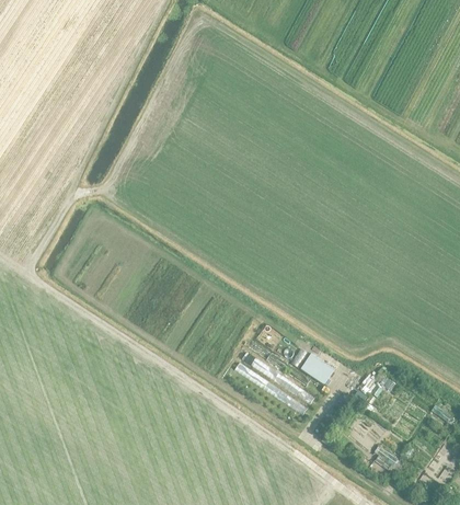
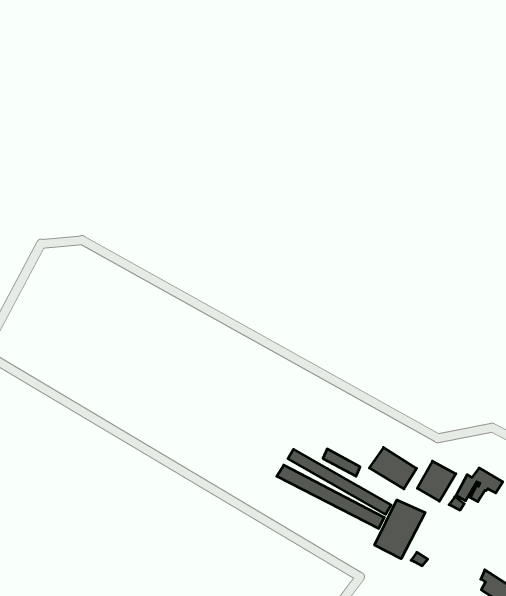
building: none -> [417,461,456,501]
building: none -> [375,500,425,559]

